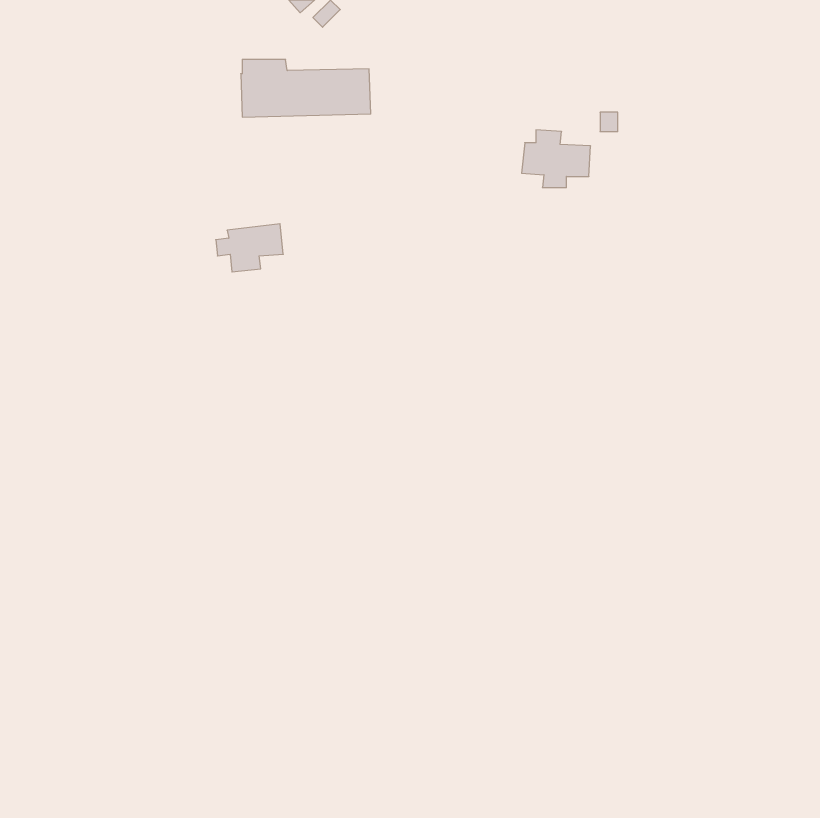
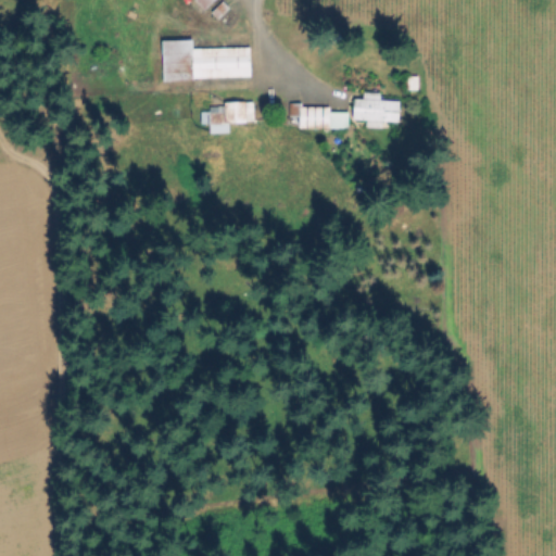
building: none -> [289,103,349,129]
building: [216,224,283,272] -> [200,102,245,135]

